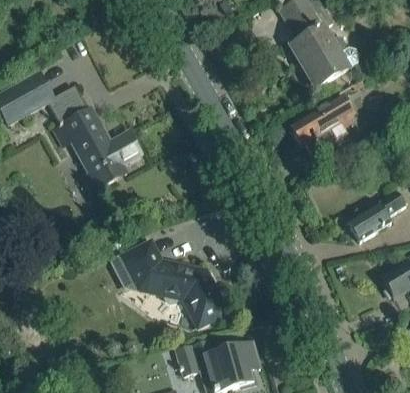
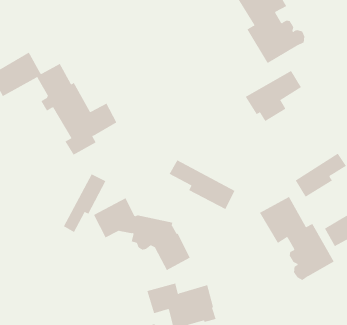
building: none -> [169,159,235,210]
building: none -> [63,174,106,233]
building: none -> [259,196,335,281]

